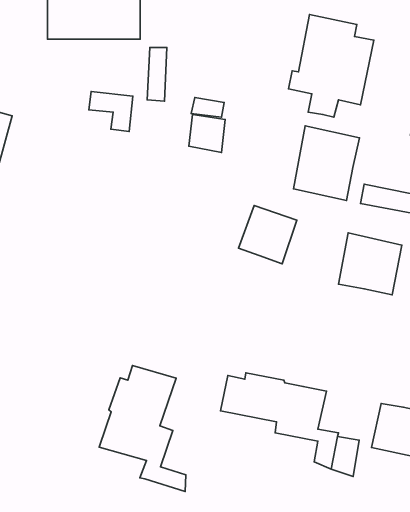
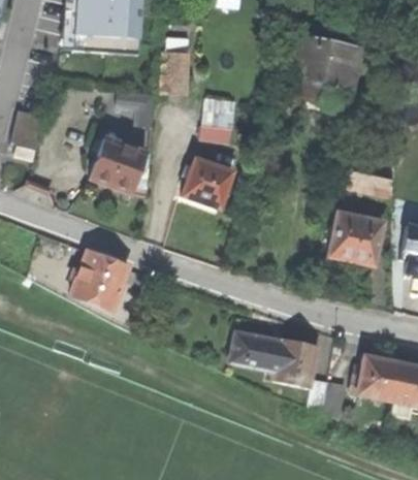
building: [294,126,360,201] -> none
building: none -> [89,136,144,192]
building: [238,205,297,264] -> [181,158,230,207]
building: none -> [70,249,128,309]
building: [99,365,186,491] -> none

